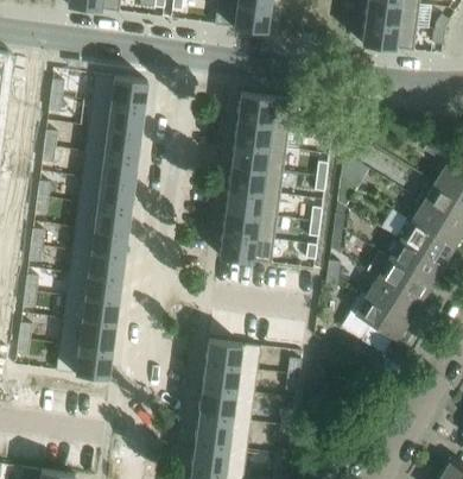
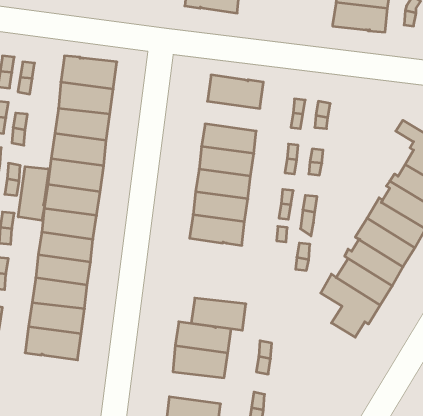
building: [235,119,302,150] -> none
building: none -> [18,167,49,220]
building: [199,389,254,421] -> [191,298,246,330]

